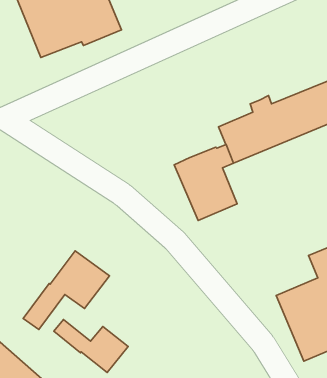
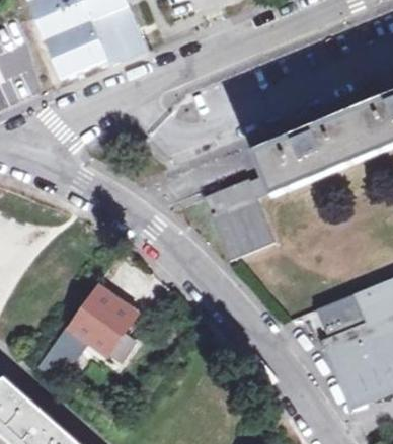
building: none -> [314,295,365,339]
building: [54,319,128,372] -> none

